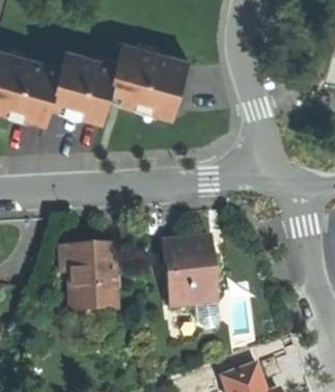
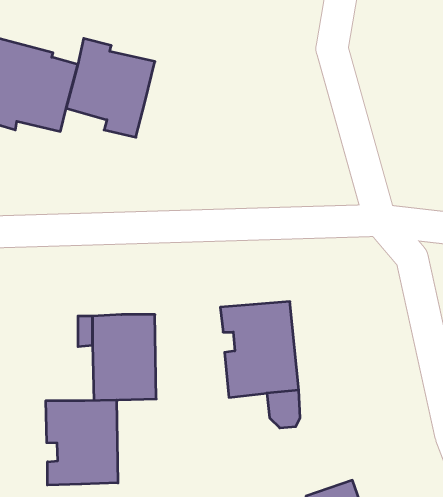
building: [109,46,189,112] -> none
building: none -> [46,400,118,485]

